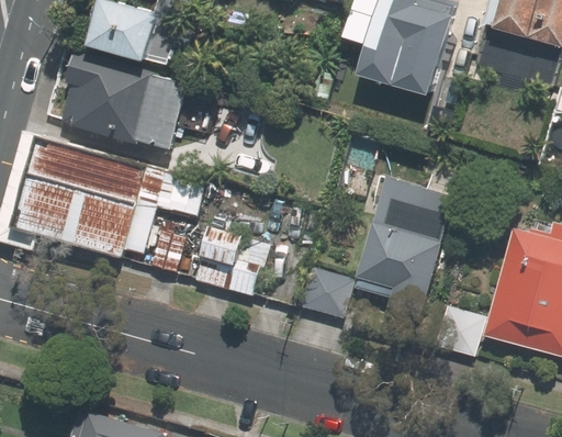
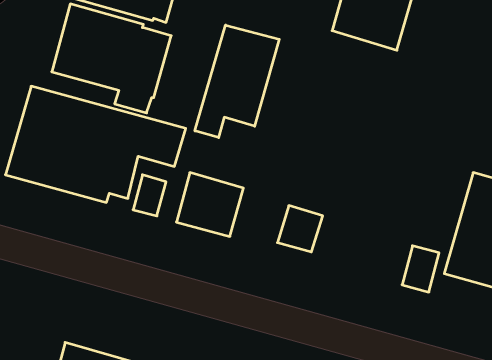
building: none -> [195,25,279,138]
building: [357,170,454,311] -> none

